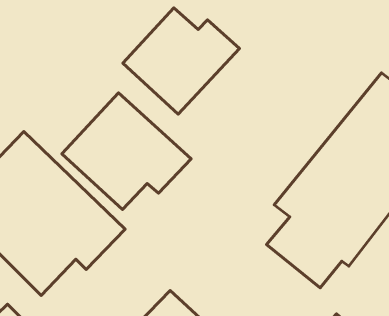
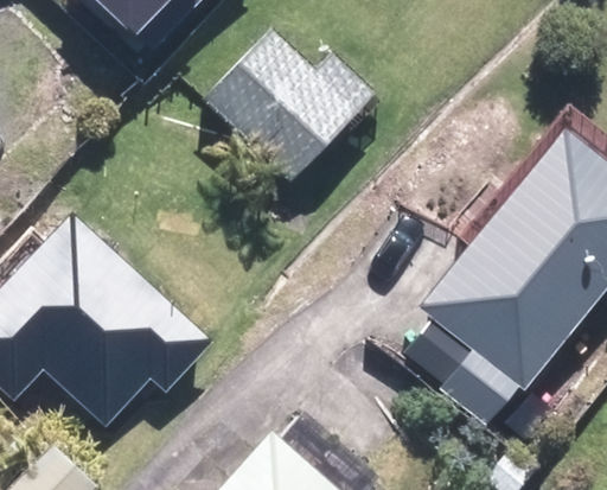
building: [62,93,191,210] -> none

